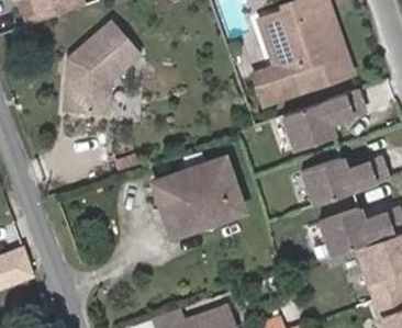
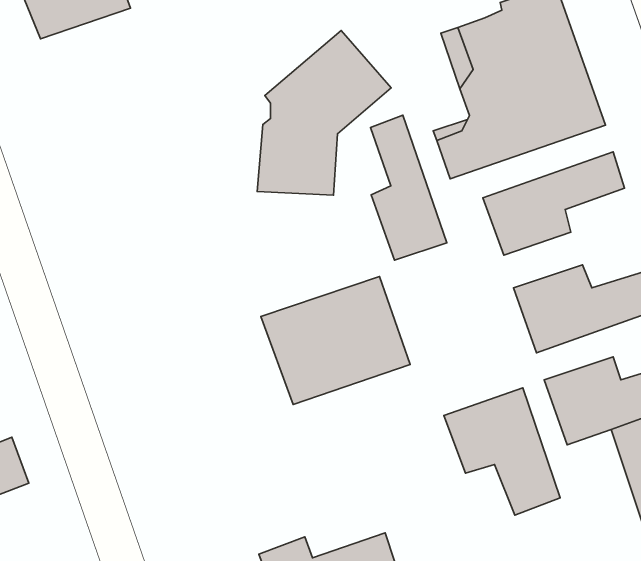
building: [64,21,141,115] -> [257,31,391,195]
building: none -> [371,115,447,260]
building: none -> [444,388,560,515]

